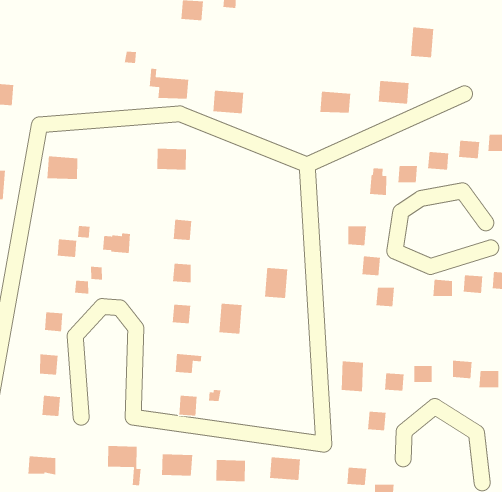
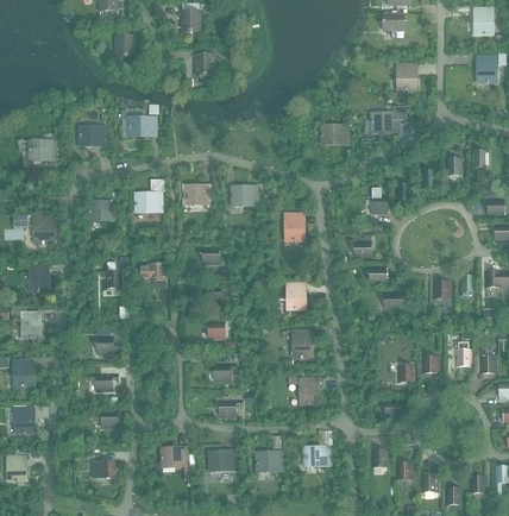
building: [149,68,189,100] -> [121,109,156,136]
building: none -> [80,126,106,145]
building: [212,90,244,114] -> [232,185,258,204]
building: none -> [136,191,163,212]
building: none -> [284,213,304,239]
building: [219,303,243,334] -> [293,329,312,355]
building: [341,361,364,392] -> [299,377,319,403]

